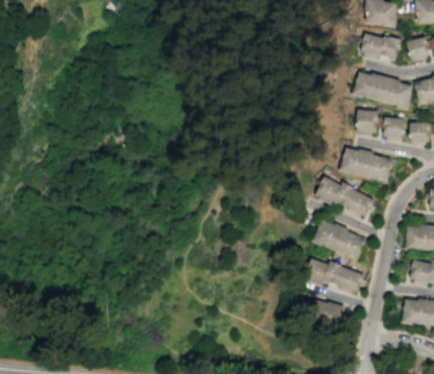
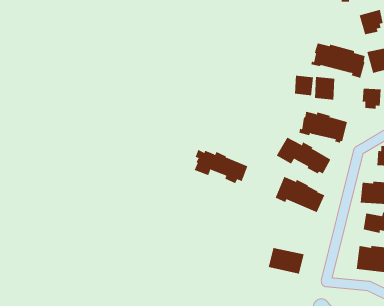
building: [359,33,401,61] -> none
building: [382,116,404,139] -> [294,75,314,96]
building: [304,257,365,295] -> [194,149,248,184]

